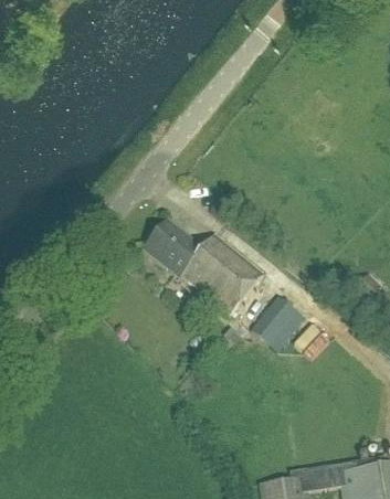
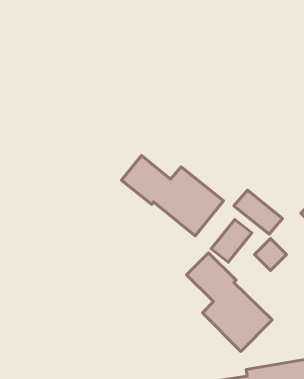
building: none -> [234,190,282,234]
building: none -> [187,253,272,351]

